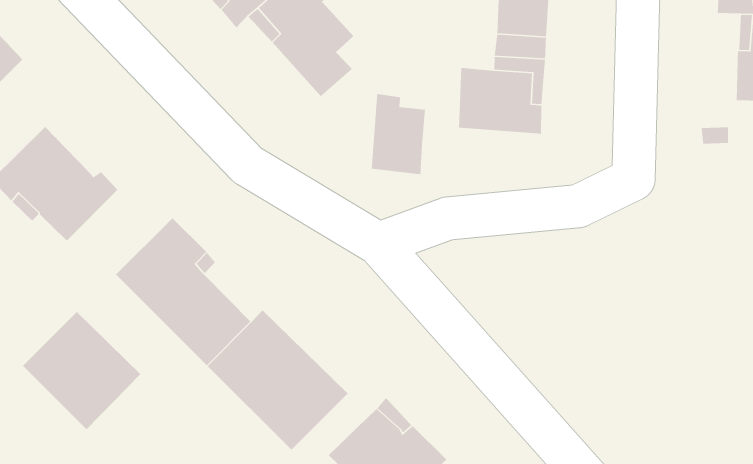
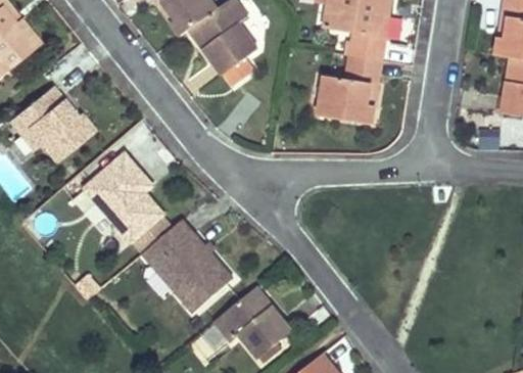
building: [371,93,426,175] -> none
building: [22,311,141,430] -> none

